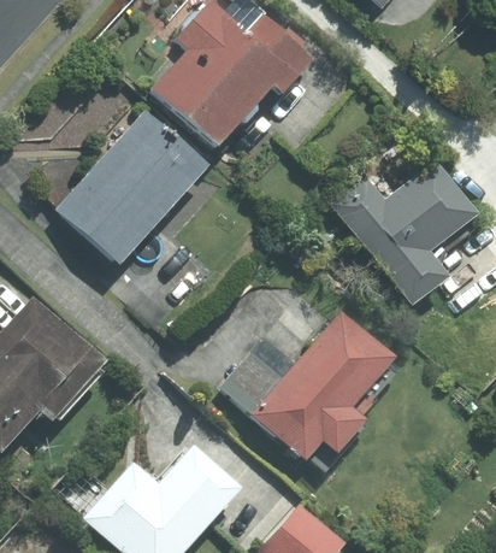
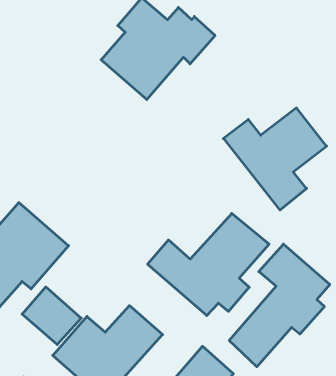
building: [57,110,208,265] -> none
building: none -> [229,244,330,367]
building: none -> [22,287,81,345]

